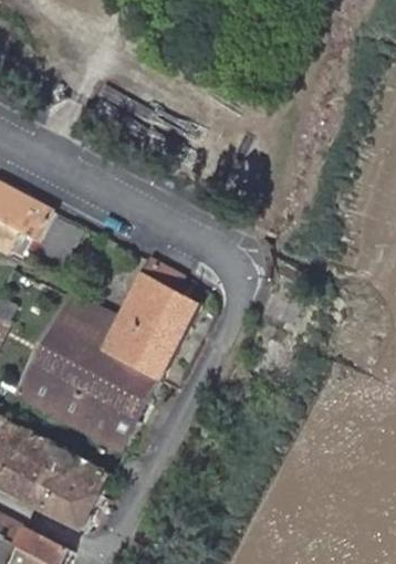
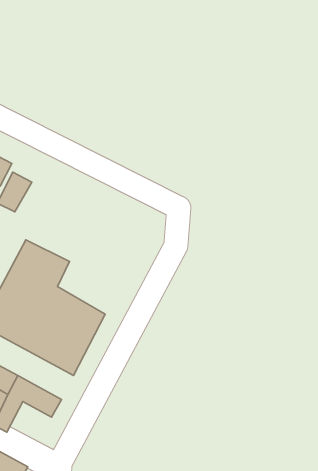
building: [103,260,197,382] -> none
building: [46,479,96,531] -> none

